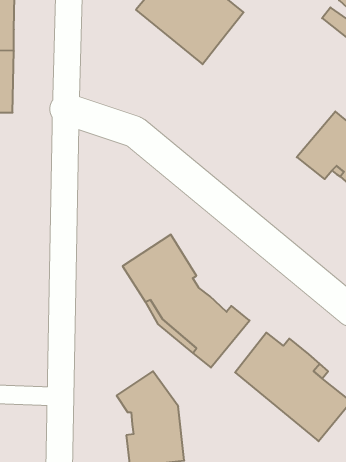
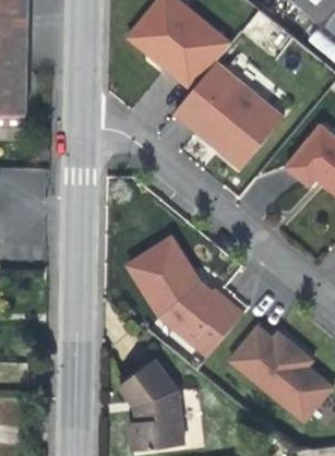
building: none -> [171,61,280,167]

